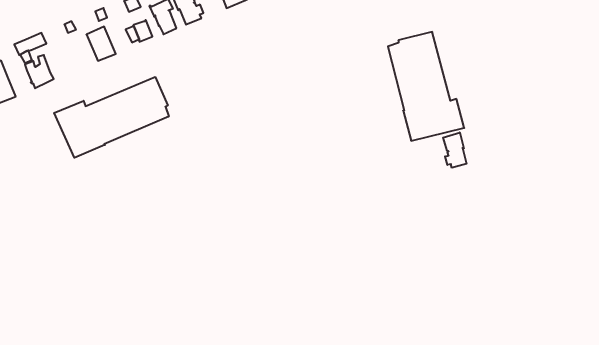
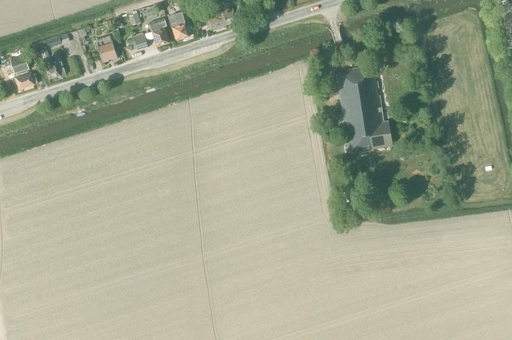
building: [54,77,169,158] -> none
building: [443,132,467,168] -> none

